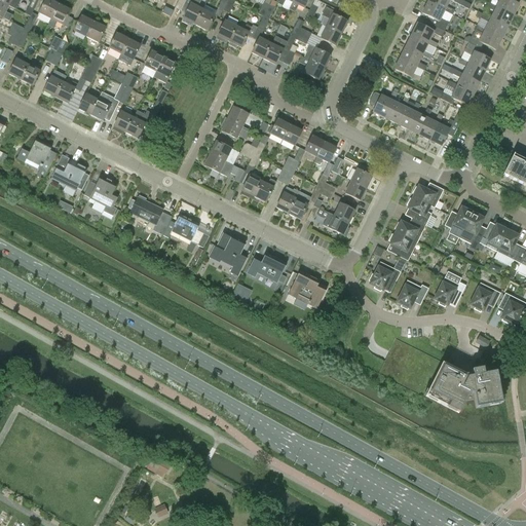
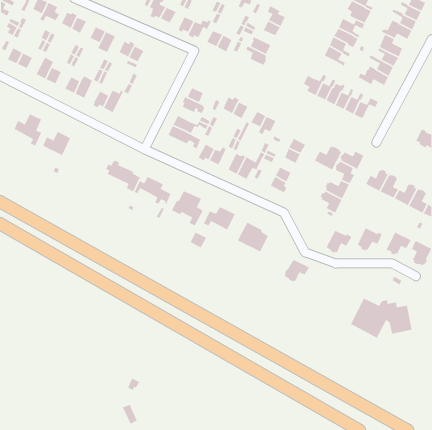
building: [83,174,118,215] -> none
building: none -> [314,146,342,170]
building: [369,261,401,290] -> [284,259,310,282]

